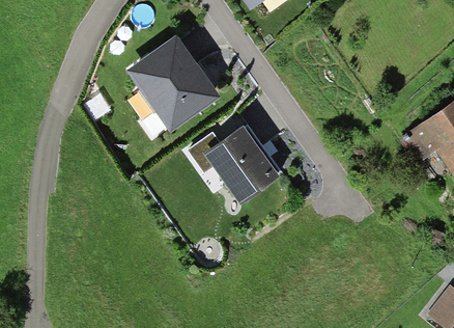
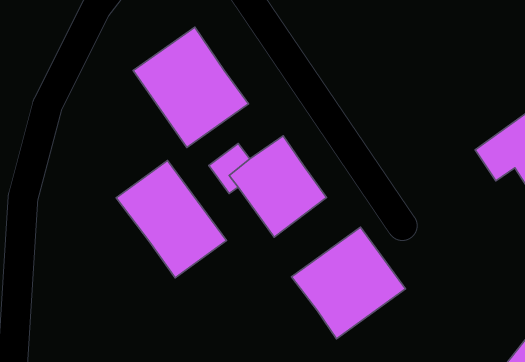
building: none -> [116,160,226,278]
building: none -> [291,227,405,339]

